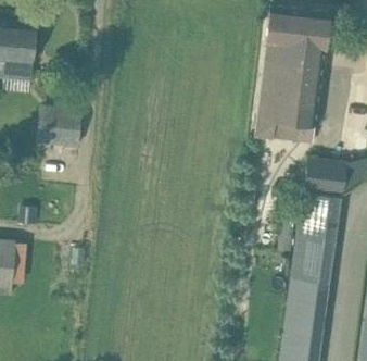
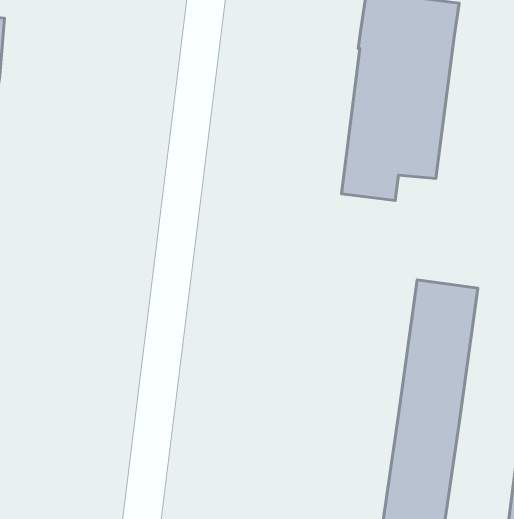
building: [47,108,81,147] -> none
building: [303,160,344,191] -> none

